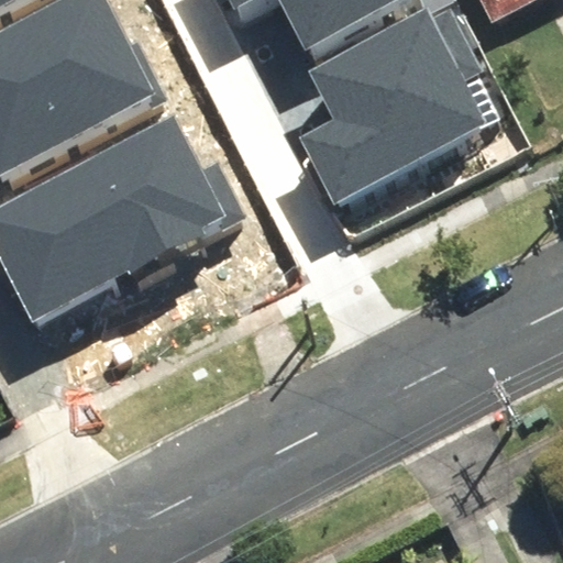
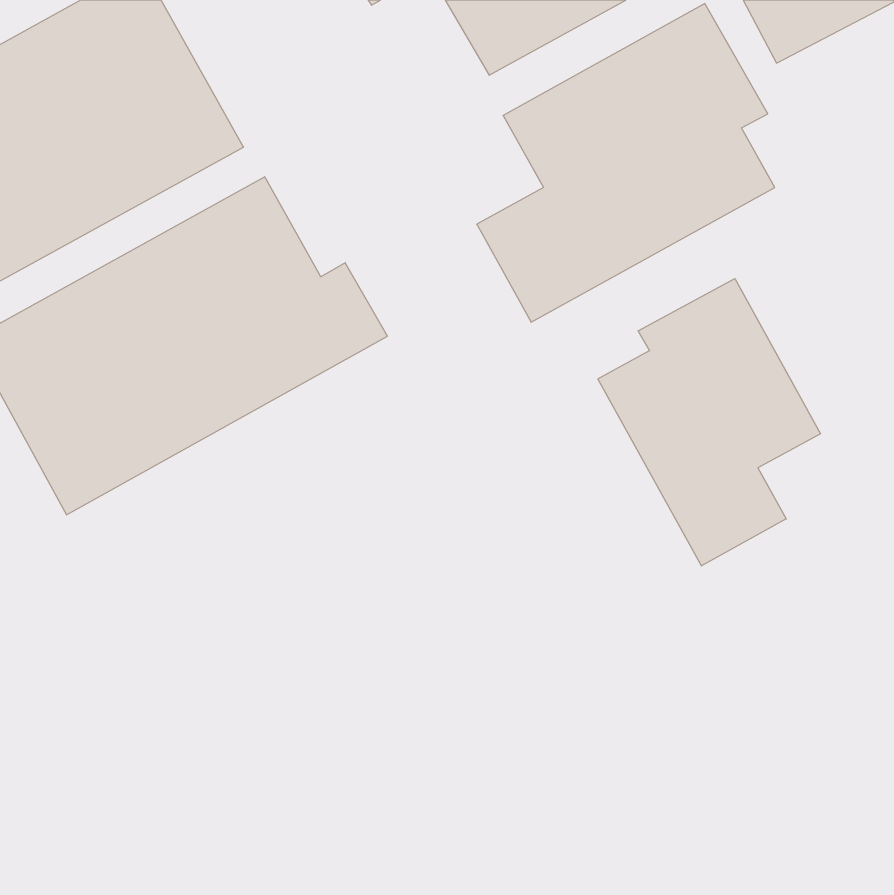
building: none -> [598,279,820,566]

